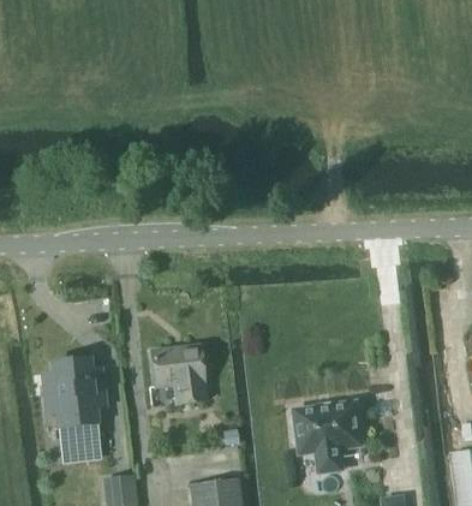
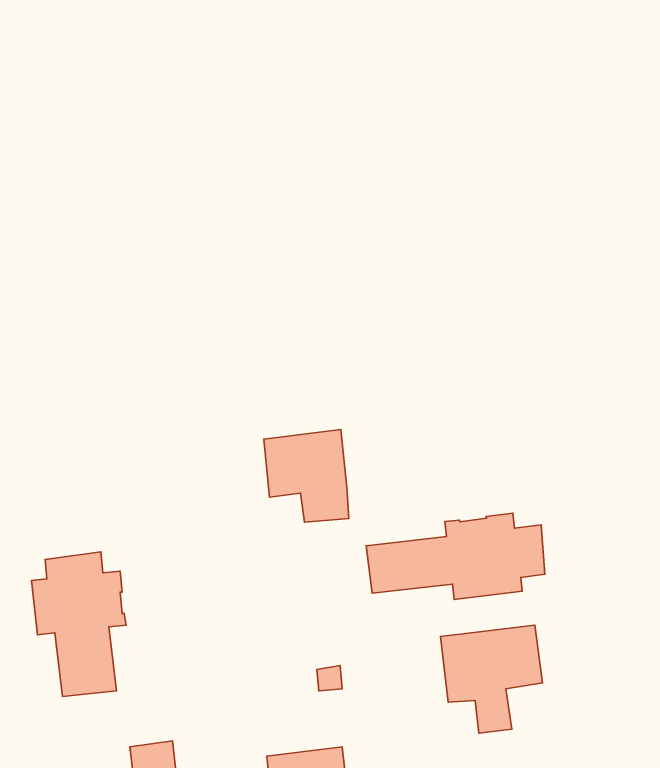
building: none -> [366,513,545,599]
building: [150,346,203,404] -> [264,430,349,522]

